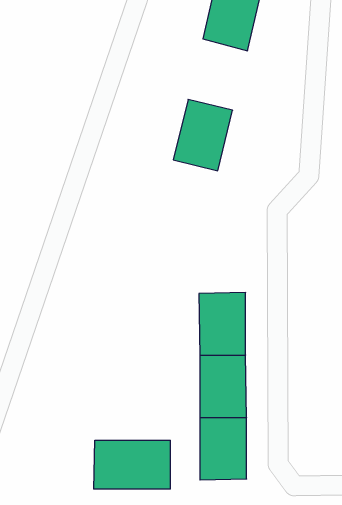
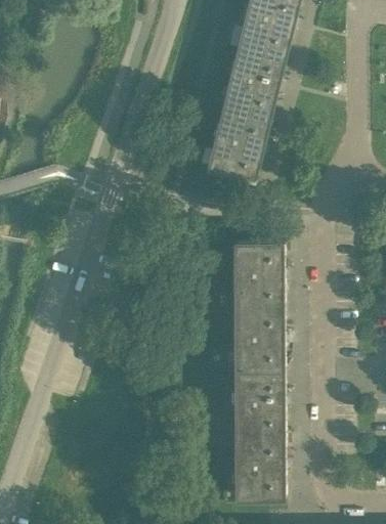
building: none -> [224,41,286,115]
building: none -> [235,239,284,304]
building: [94,440,170,489] -> none

